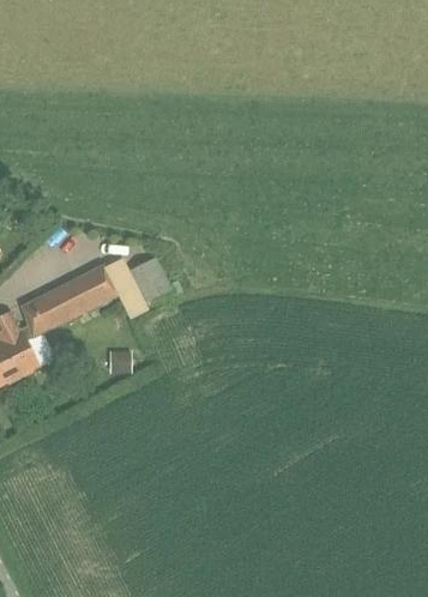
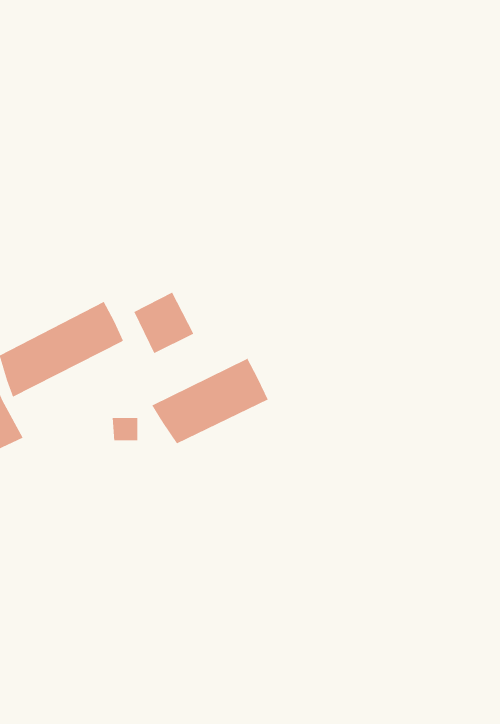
building: none -> [151,357,268,444]

